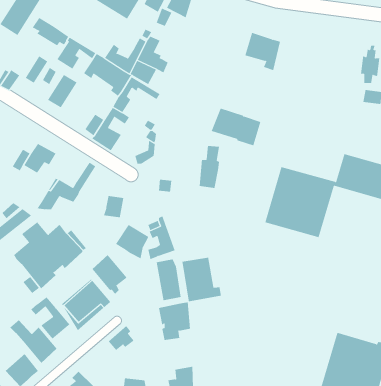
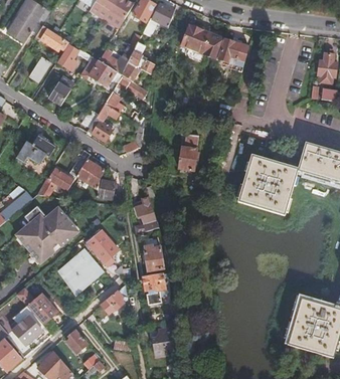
building: [211,108,261,146] -> [181,26,224,59]
building: [115,224,149,259] -> [76,159,106,189]
building: [182,257,221,302] -> none
building: [31,297,71,340] -> none

